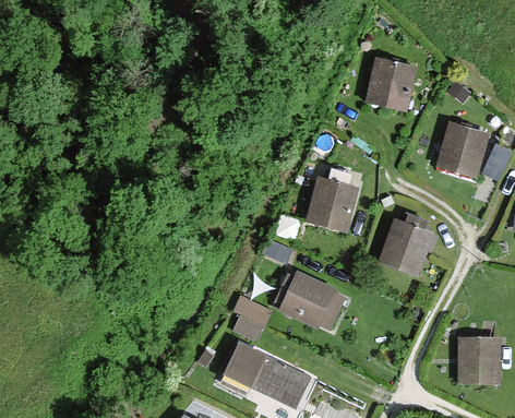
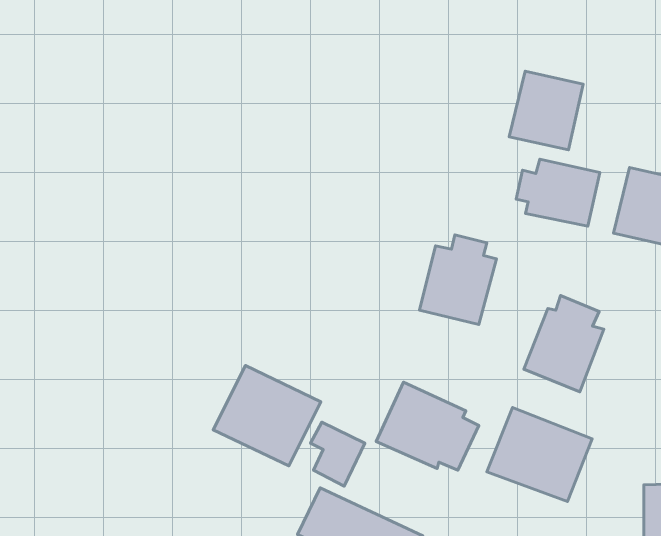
building: none -> [516,159,600,226]
building: none -> [213,366,321,466]
building: none -> [487,407,592,502]

